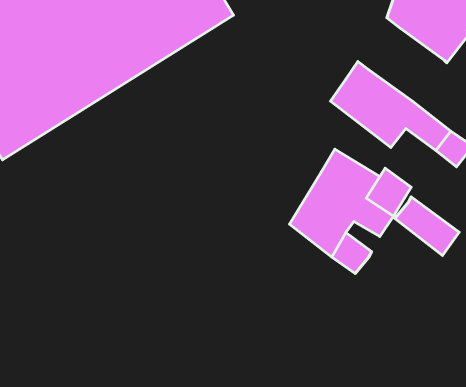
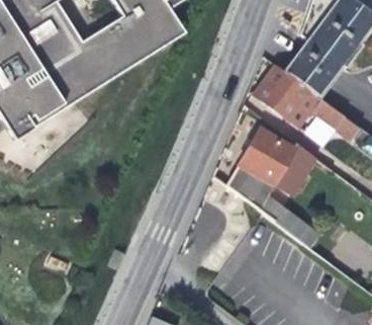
building: none -> [285,42,341,96]
building: [395,197,459,256] -> [275,208,322,251]

